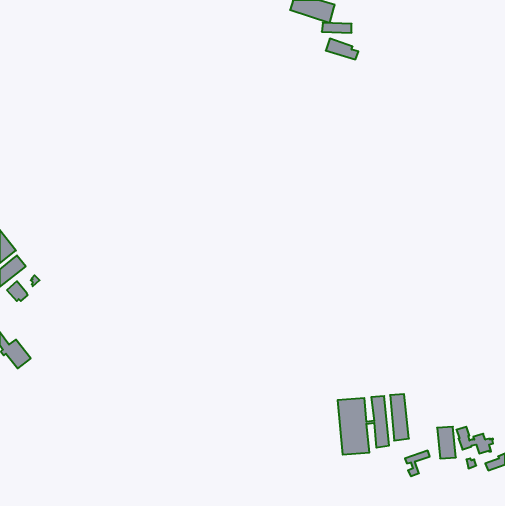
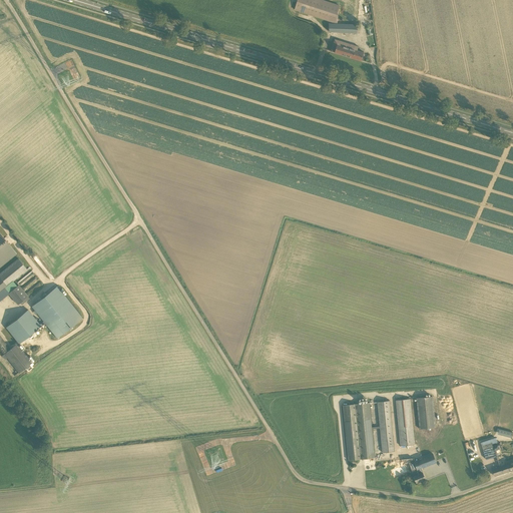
building: none -> [31,286,81,338]
building: none -> [5,310,40,344]
building: [437,427,456,458] -> [416,397,435,429]

